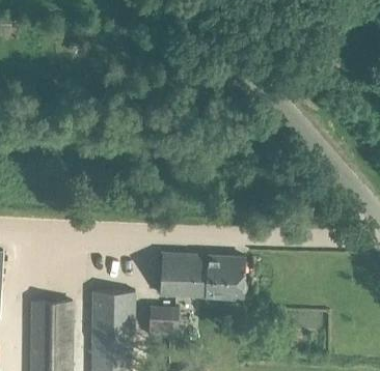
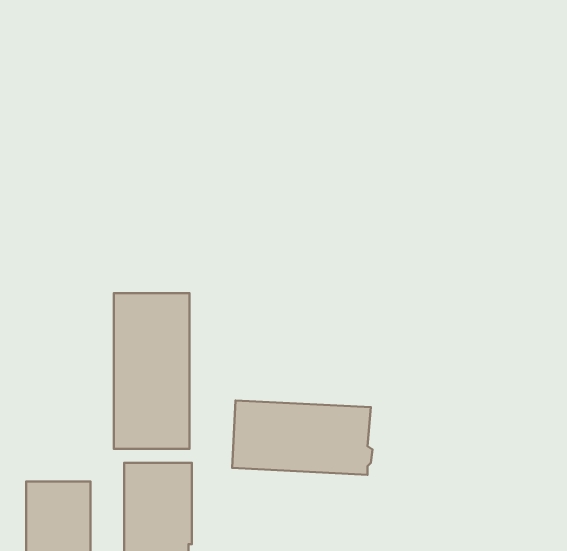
building: none -> [114,293,189,449]
building: [150,307,179,336] -> none

